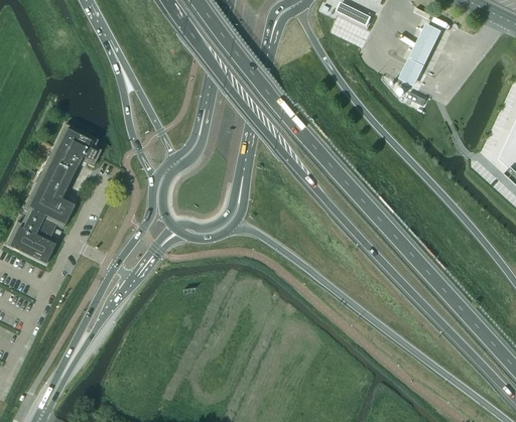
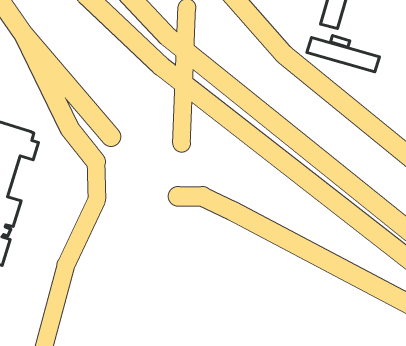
building: none -> [307,37,380,72]

